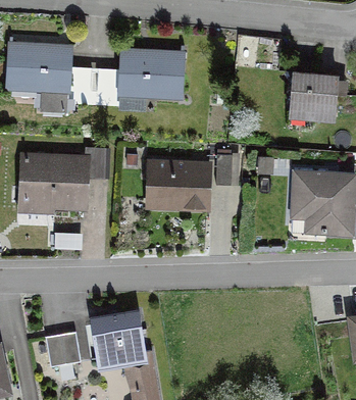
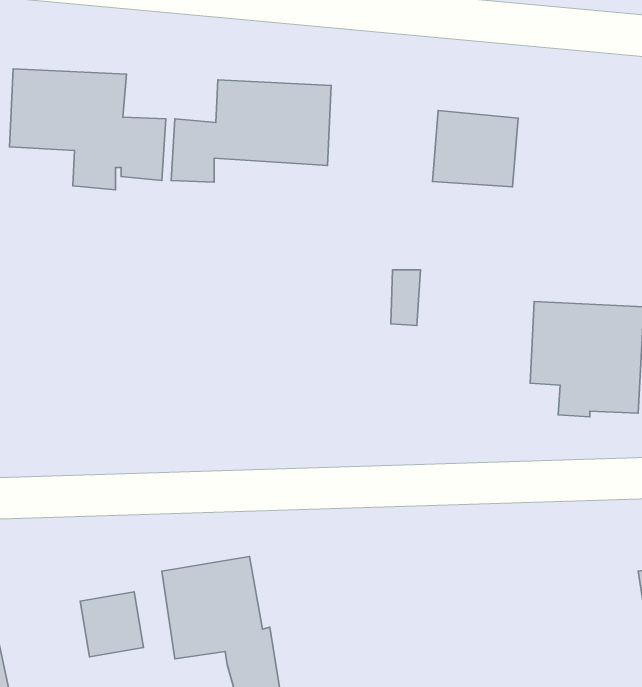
building: [291,71,338,113] -> [433,111,518,187]
building: [22,148,104,205] -> none
building: [152,161,206,208] -> none

